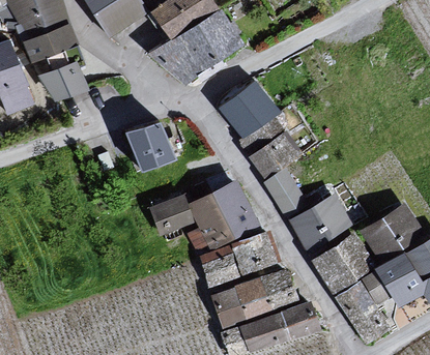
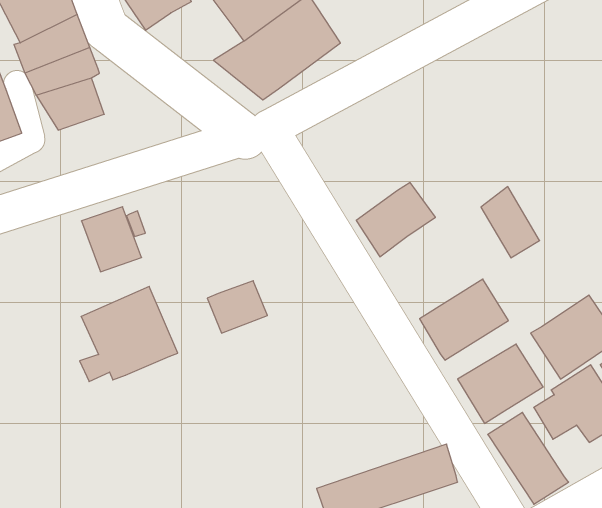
building: [222,83,279,151] -> none
building: [132,124,171,167] -> [81,207,142,272]
building: [265,168,304,214] -> [481,187,540,258]
building: [190,184,254,246] -> [80,286,178,382]
building: [233,232,279,271] -> none
building: [201,246,237,284] -> none
building: [216,271,297,324] -> none

